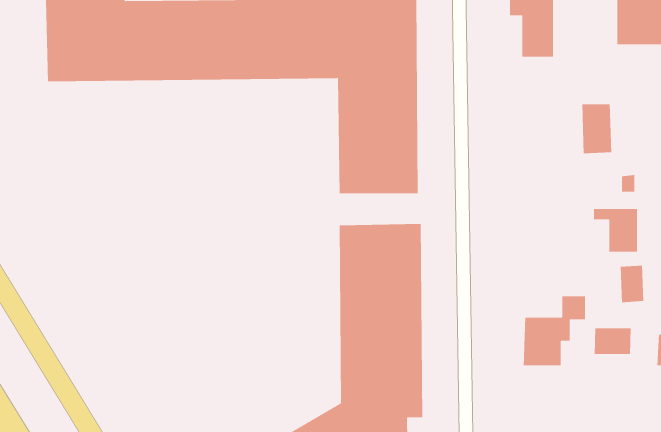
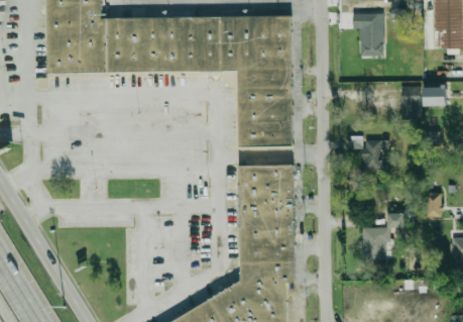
building: none -> [423,86,446,106]
building: [593,208,638,253] -> [352,139,381,169]
building: [594,327,631,355] -> none

